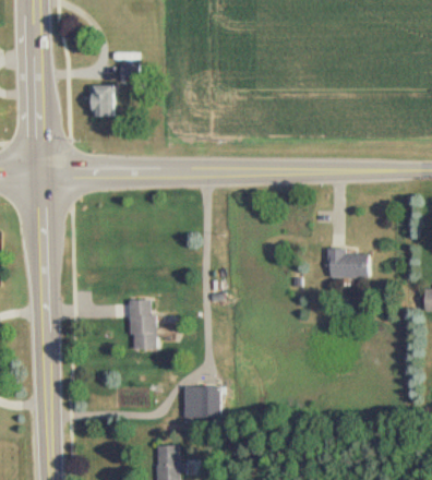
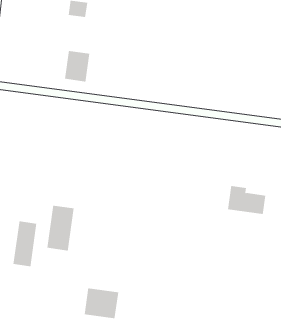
building: [87,86,112,119] -> [64,50,90,82]
building: none -> [13,221,37,267]

